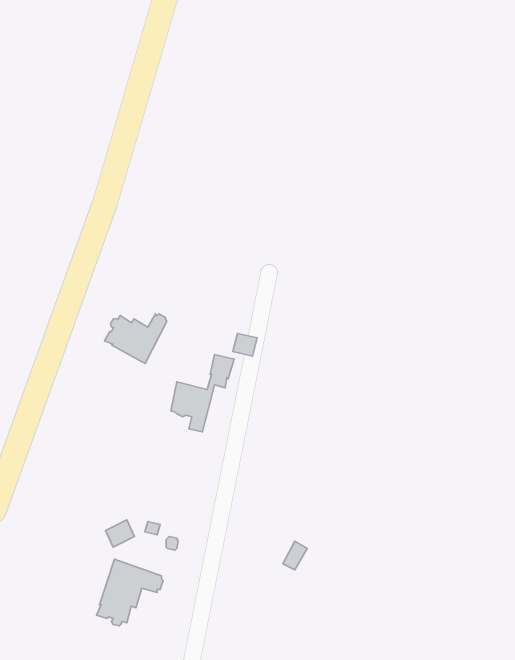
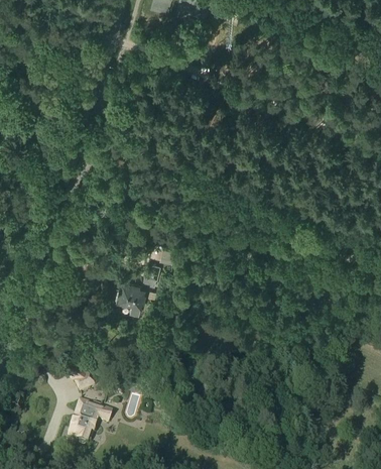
building: [104,314,167,364] -> none

